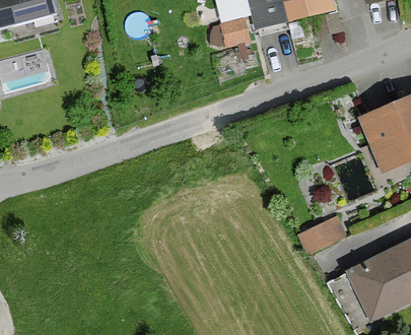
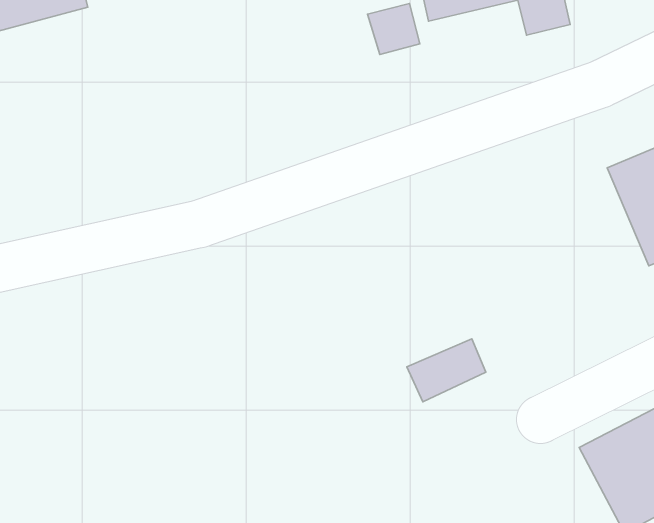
building: [295,218,341,255] -> [407,339,486,402]

